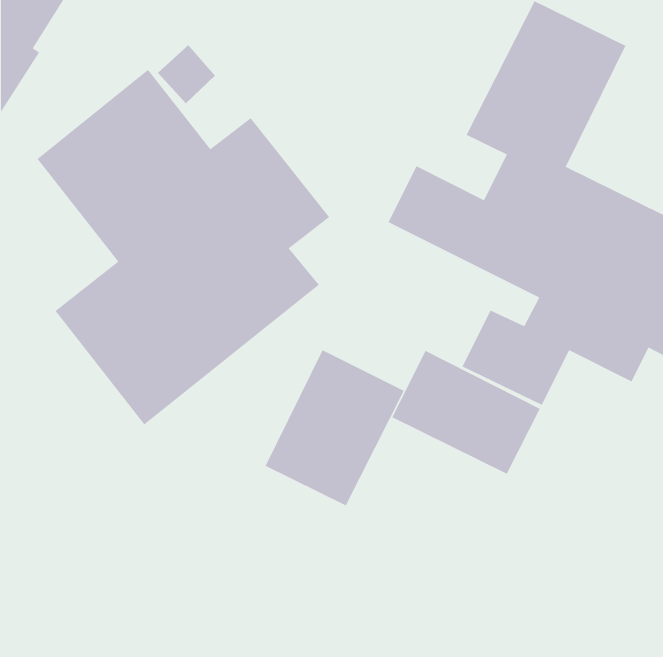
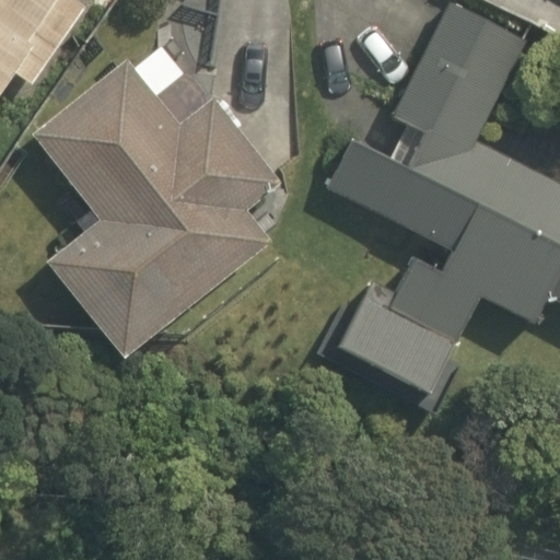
building: [264,349,405,506] -> none

